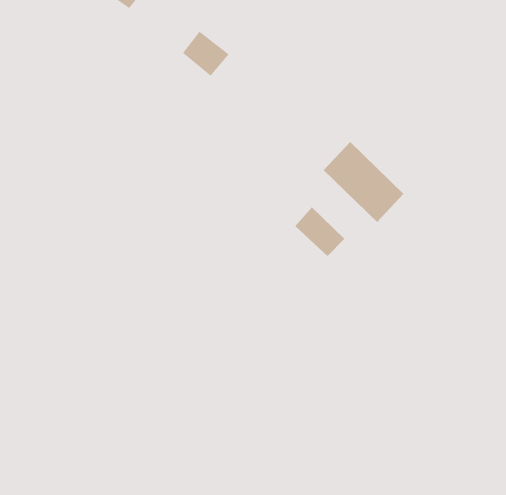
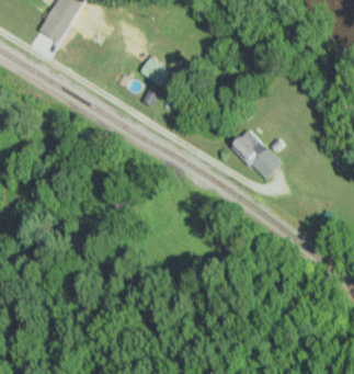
building: [295,206,345,257] -> none

